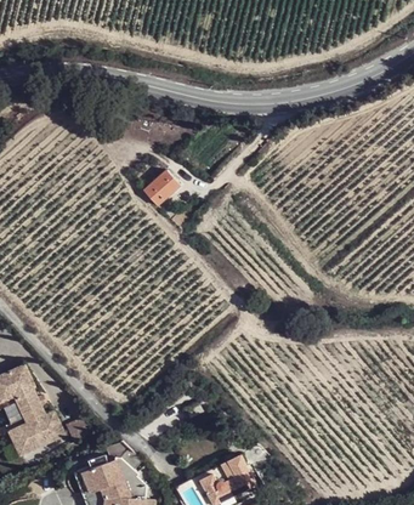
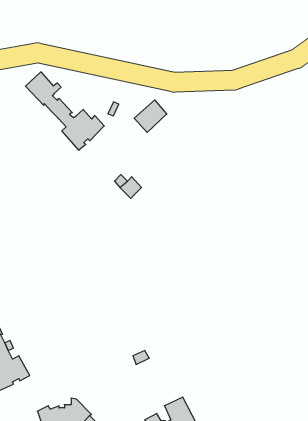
building: none -> [25,72,104,150]
building: [140,171,176,208] -> [134,100,167,132]

